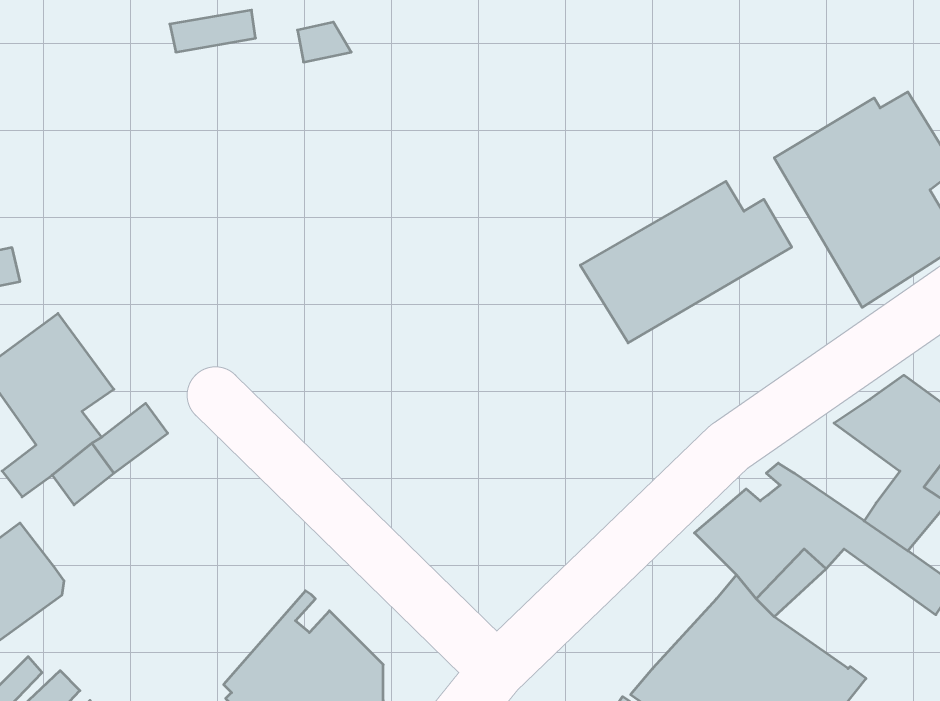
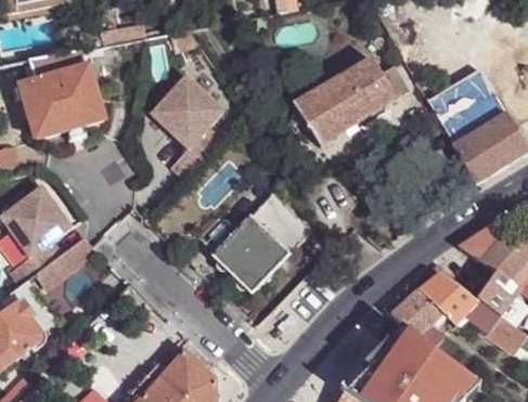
building: none -> [18,49,102,139]
building: none -> [149,75,221,176]
building: [580,181,792,343] -> [292,56,407,144]
building: none -> [213,192,311,293]

